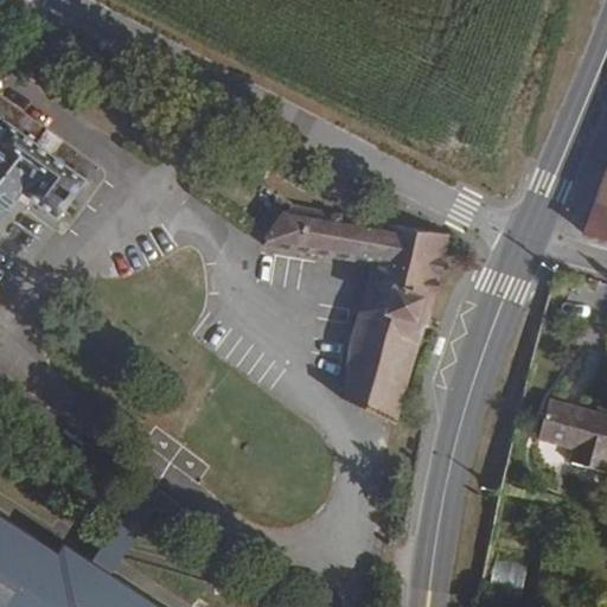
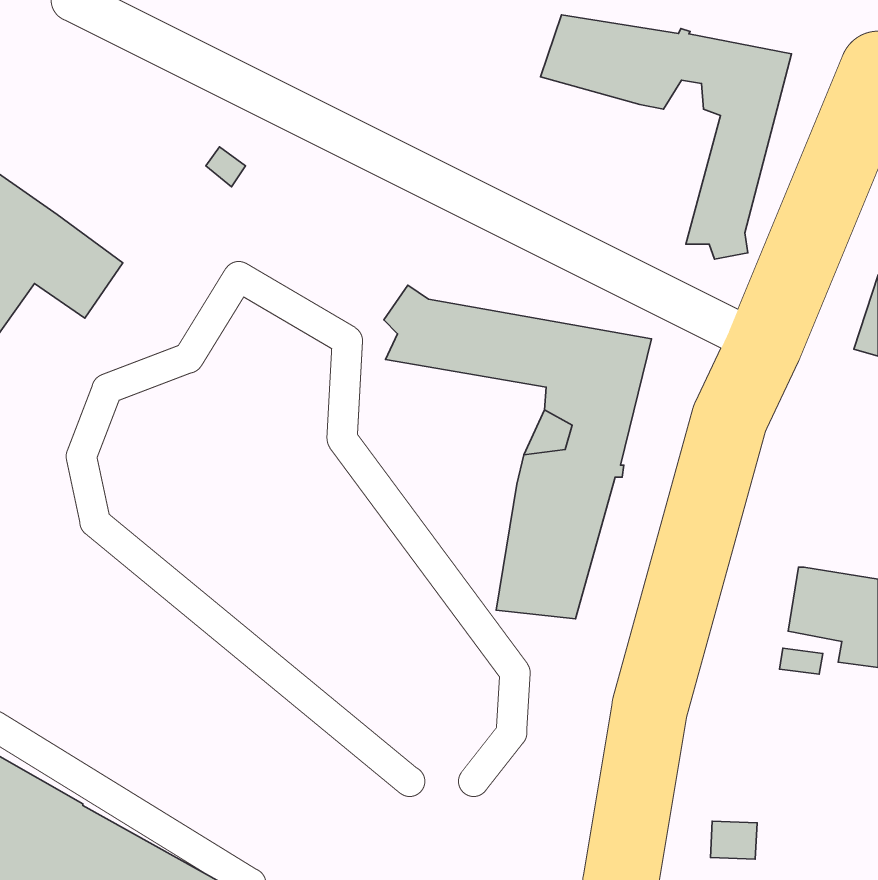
building: none -> [541,15,792,259]

